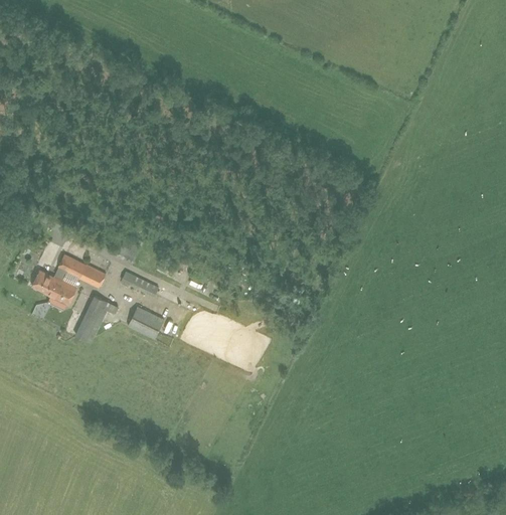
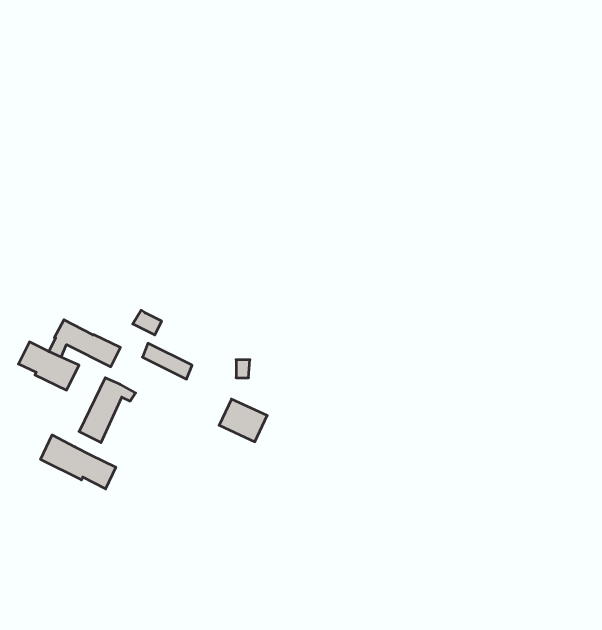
building: [128,306,163,337] -> [219,399,267,442]
building: none -> [41,435,116,489]

